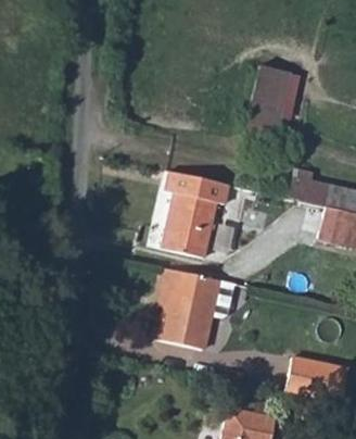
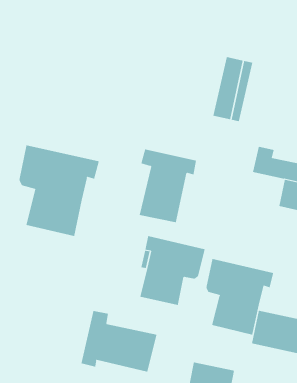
building: none -> [19,145,99,237]
building: none -> [206,258,274,336]
building: none -> [81,310,157,373]

